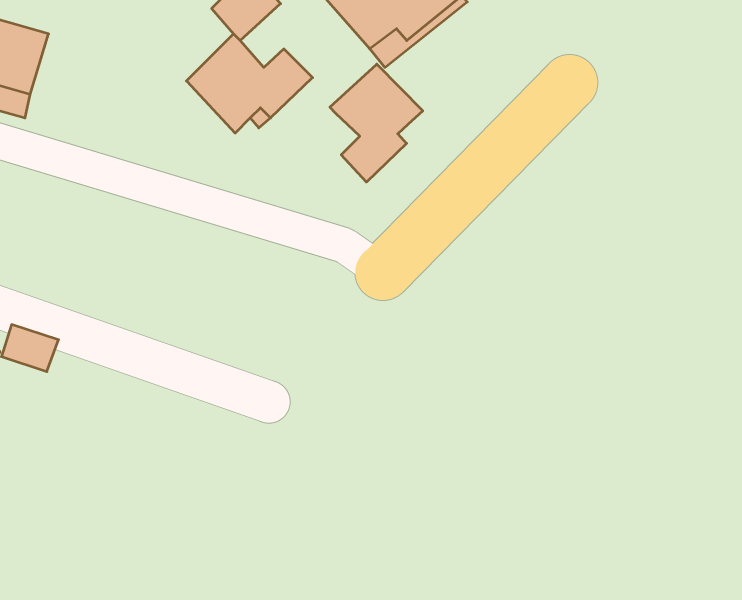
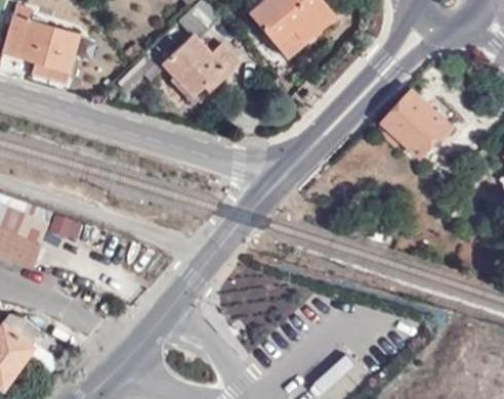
building: [330,64,423,182] -> none
building: none -> [379,92,453,158]

